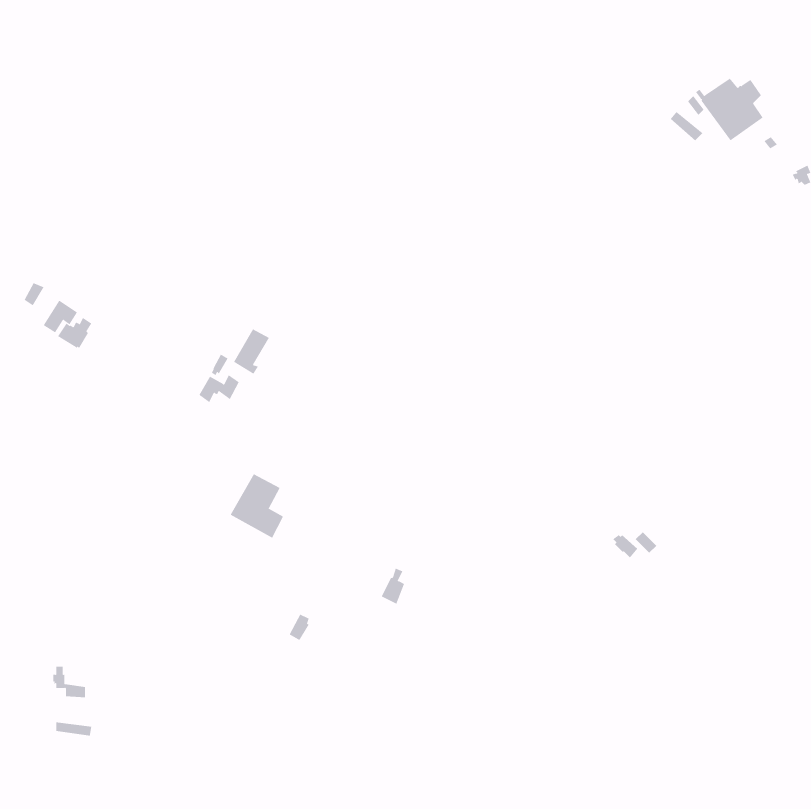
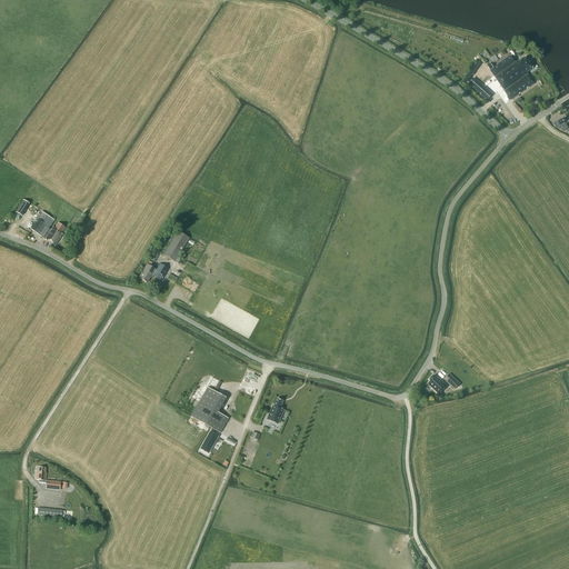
building: [230,474,284,539] -> [190,387,228,432]

